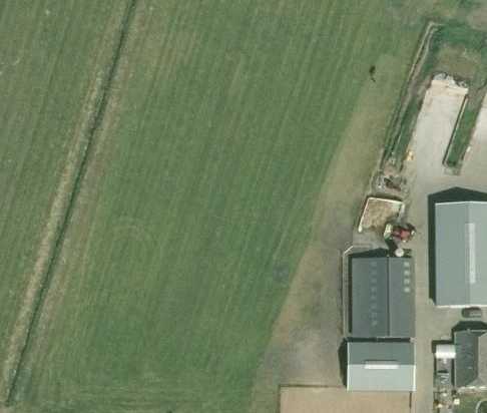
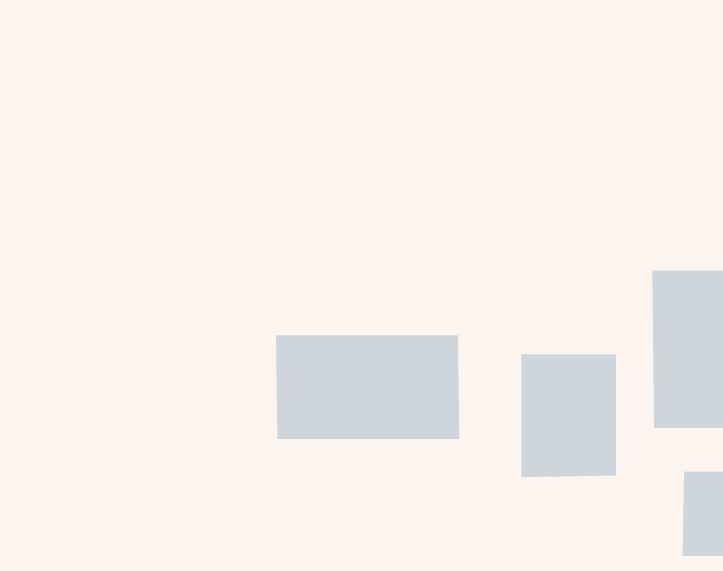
building: none -> [276,334,460,440]
building: [350,343,414,388] -> none

